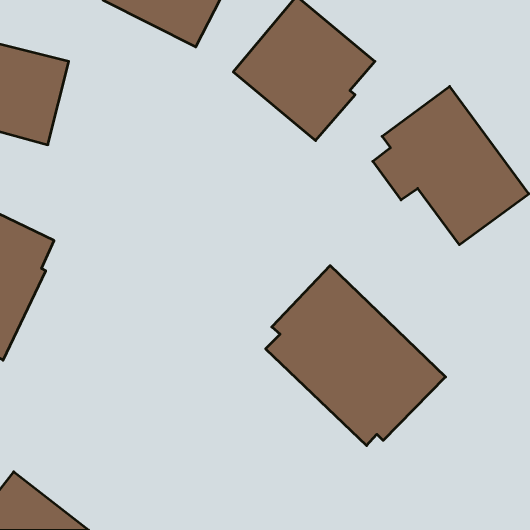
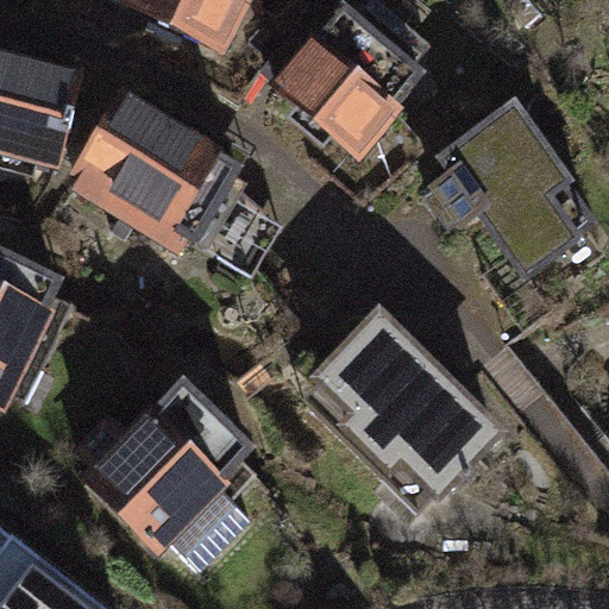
building: none -> [68,89,243,256]
building: none -> [68,376,253,572]

